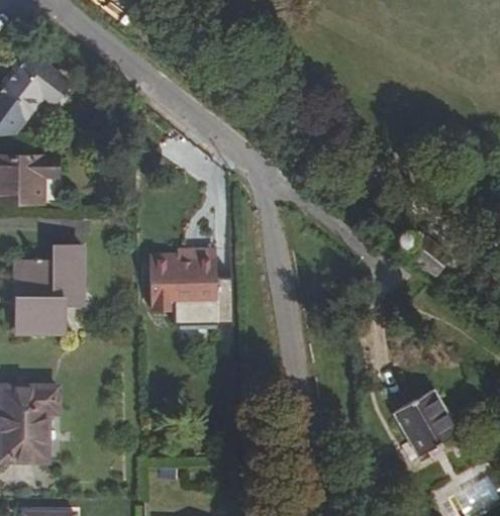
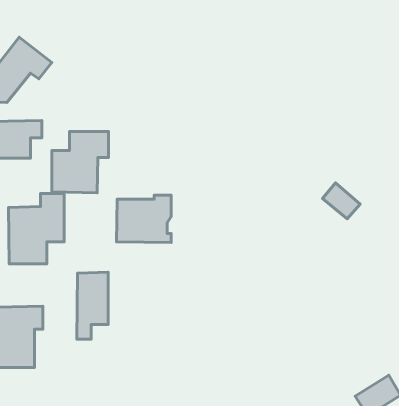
building: none -> [52,132,108,193]
building: none -> [77,272,108,339]
building: [395,393,457,455] -> none

